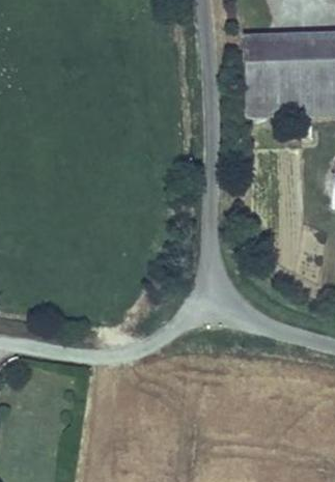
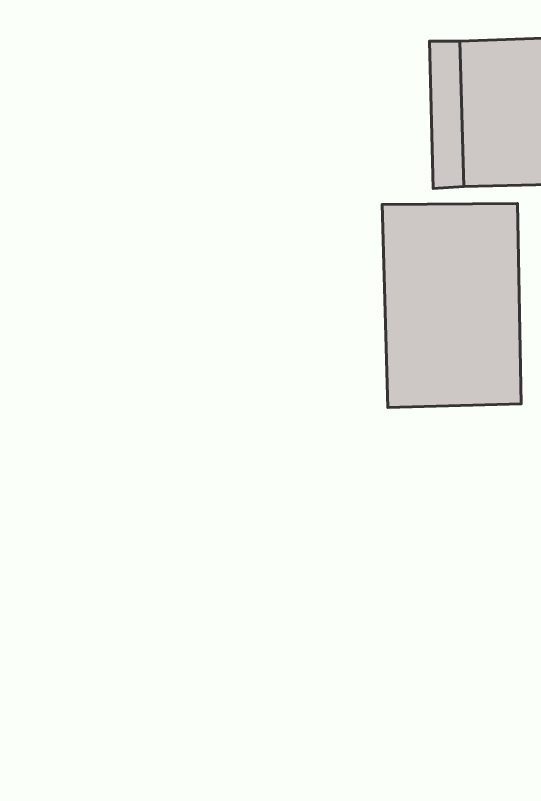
building: none -> [382,204,521,407]

